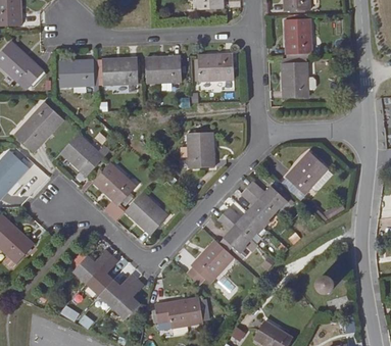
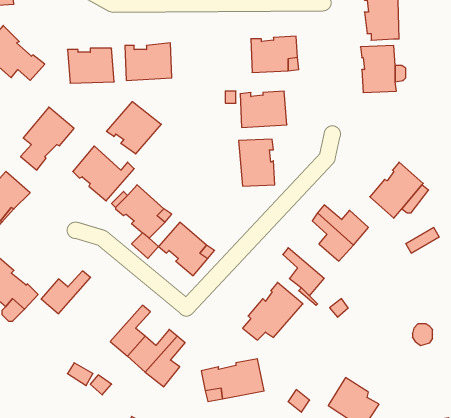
building: [145,56,181,84] -> [240,91,287,127]
building: none -> [107,102,161,154]
building: [226,208,264,238] -> none
building: [77,253,114,286] -> [41,271,91,314]

